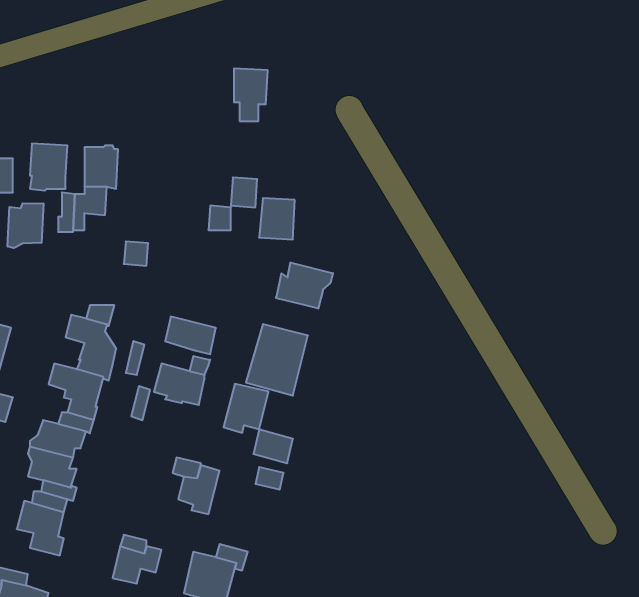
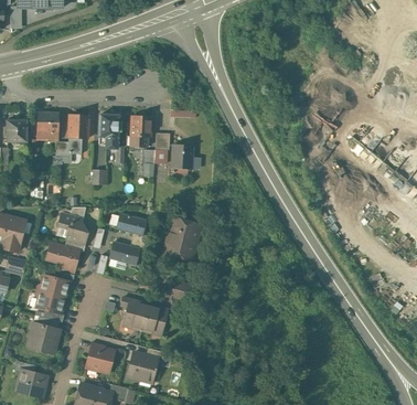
building: [234,68,268,121] -> [131,116,151,147]
building: none -> [98,115,121,149]
building: [8,203,43,248] -> none
building: [276,262,333,309] -> none
building: [223,384,268,433] -> [141,305,168,333]

